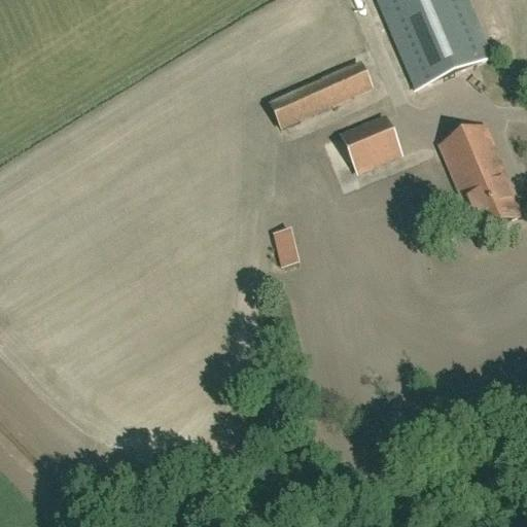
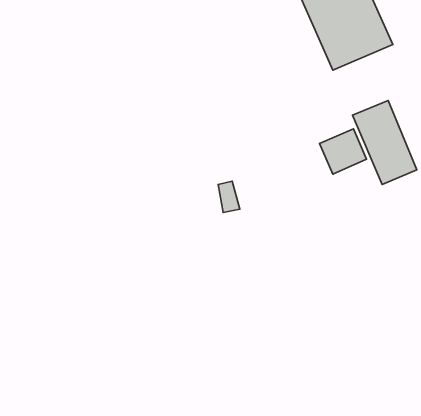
building: [267,59,374,130] -> none
building: [341,114,399,171] -> [320,129,367,174]

